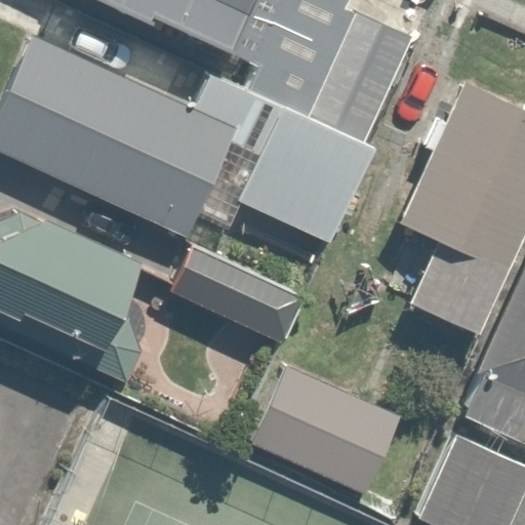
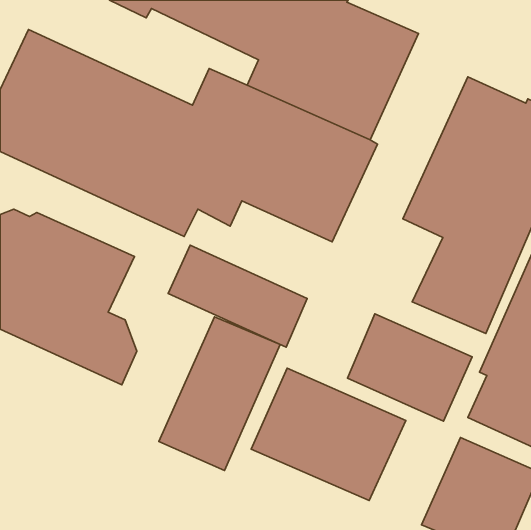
building: none -> [348,314,472,421]
building: none -> [159,317,280,471]

